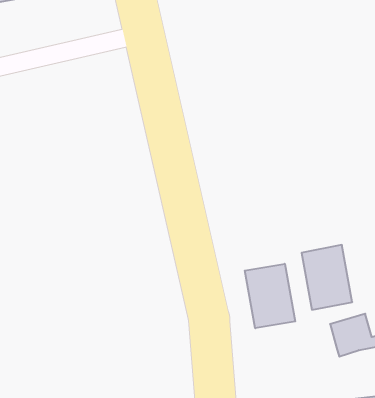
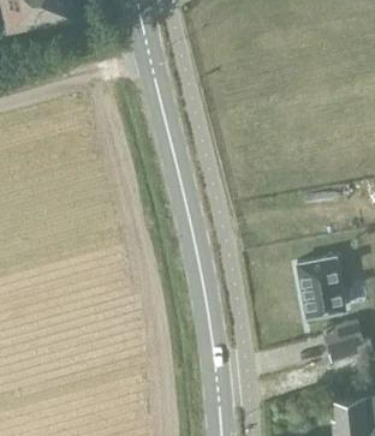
building: [245,264,295,328] -> none

